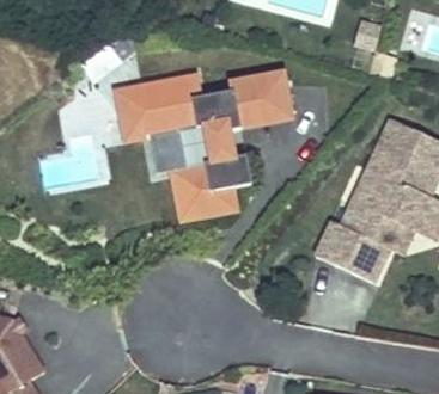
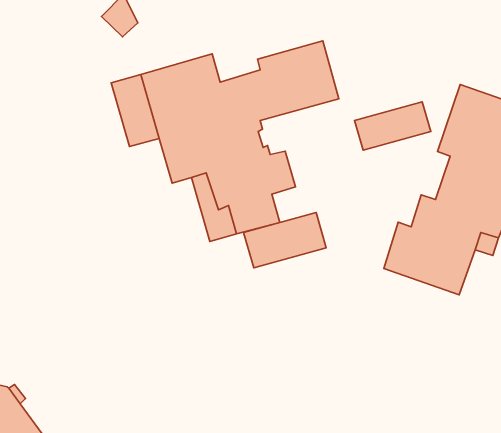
building: none -> [354,102,431,150]
building: none -> [244,212,326,268]

